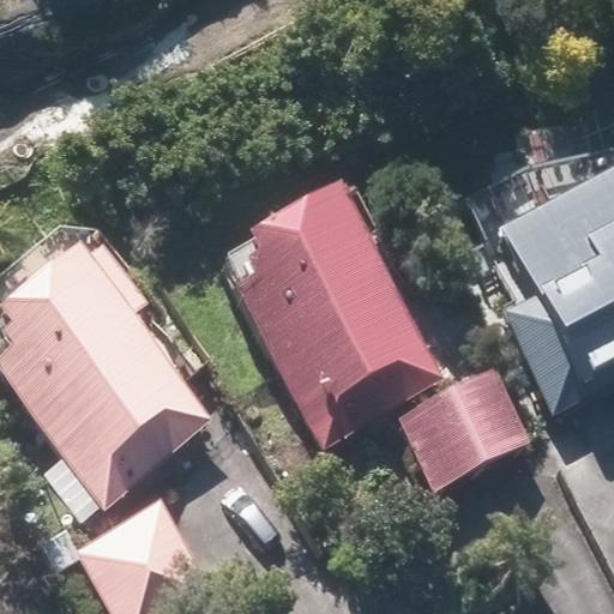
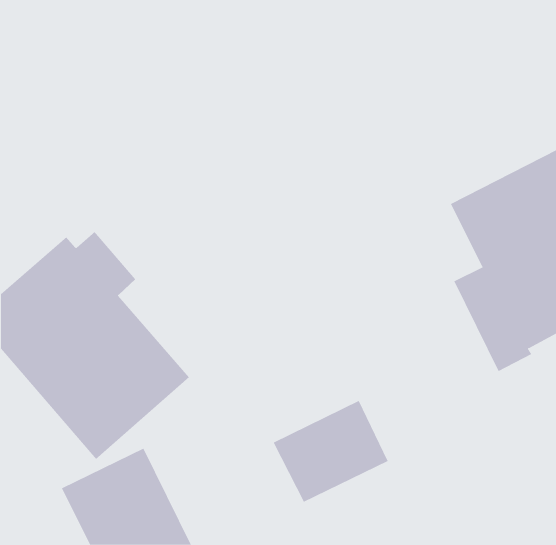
building: [223,193,444,440] -> none
building: [398,373,525,486] -> [273,400,388,503]

